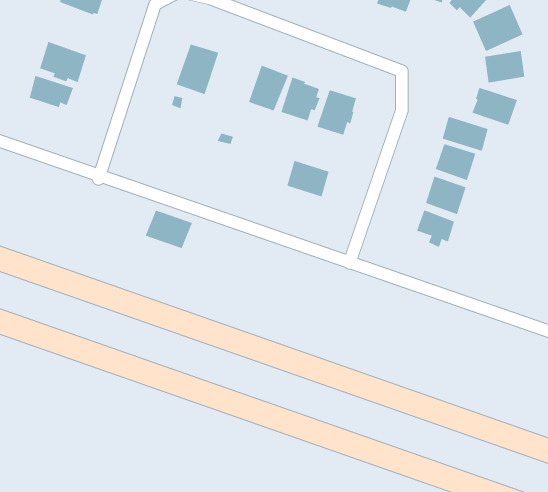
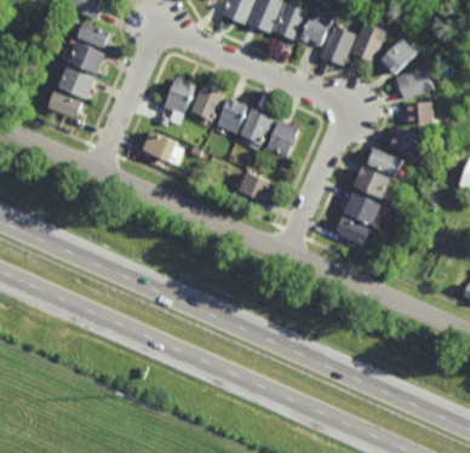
building: none -> [67,40,104,74]
building: none -> [190,85,223,122]
building: [145,210,193,249] -> [141,131,178,162]

